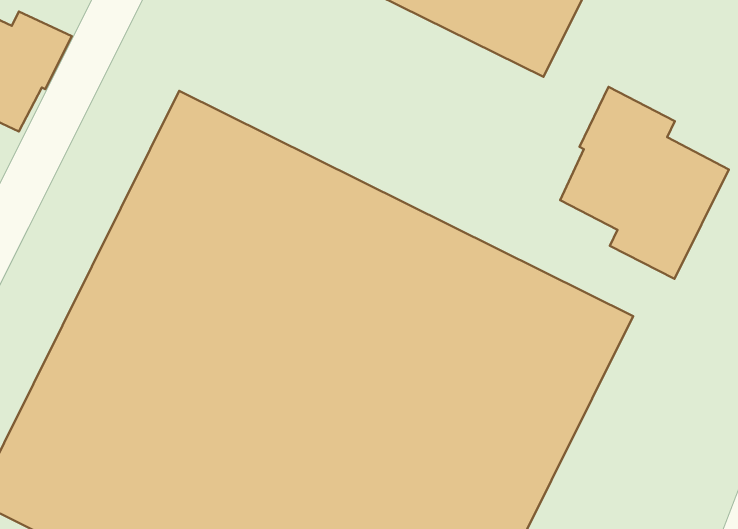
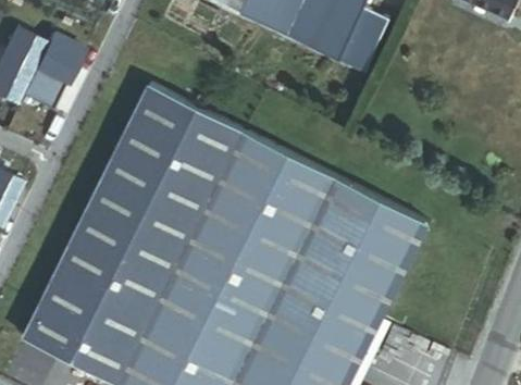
building: [560,87,729,279] -> none

